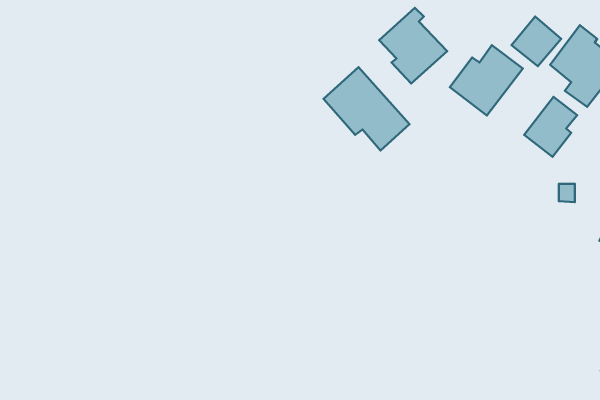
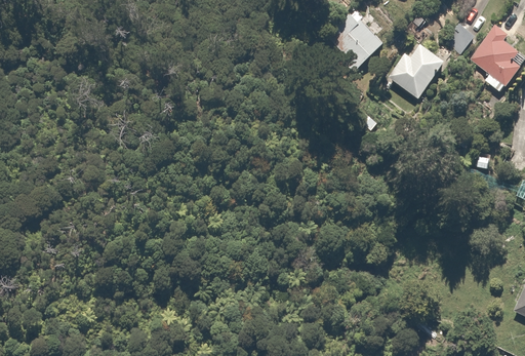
building: [323,67,410,150] -> none
building: [524,97,577,157] -> none

